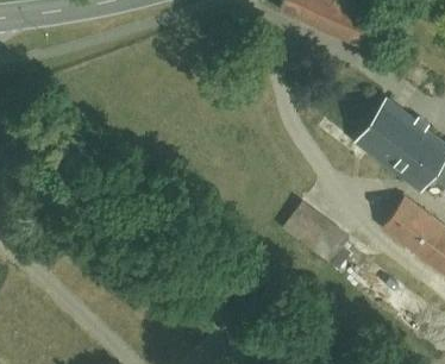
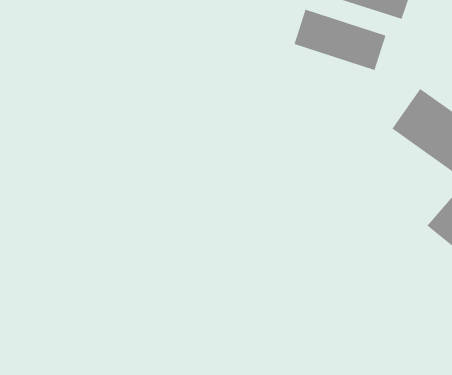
building: none -> [294,9,386,71]
building: [287,196,349,255] -> none

